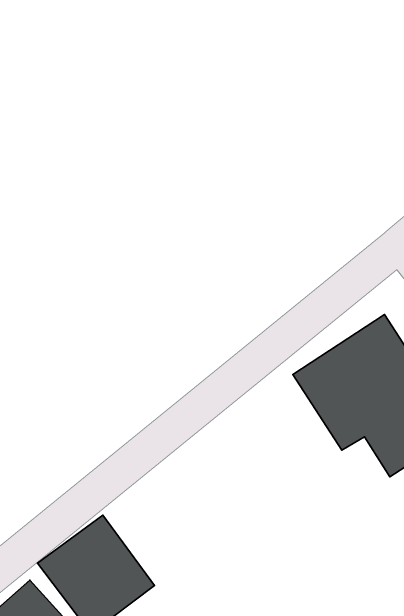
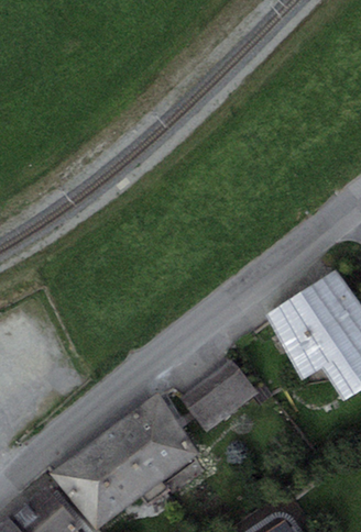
building: none -> [182,361,259,433]
building: none -> [105,395,200,492]

